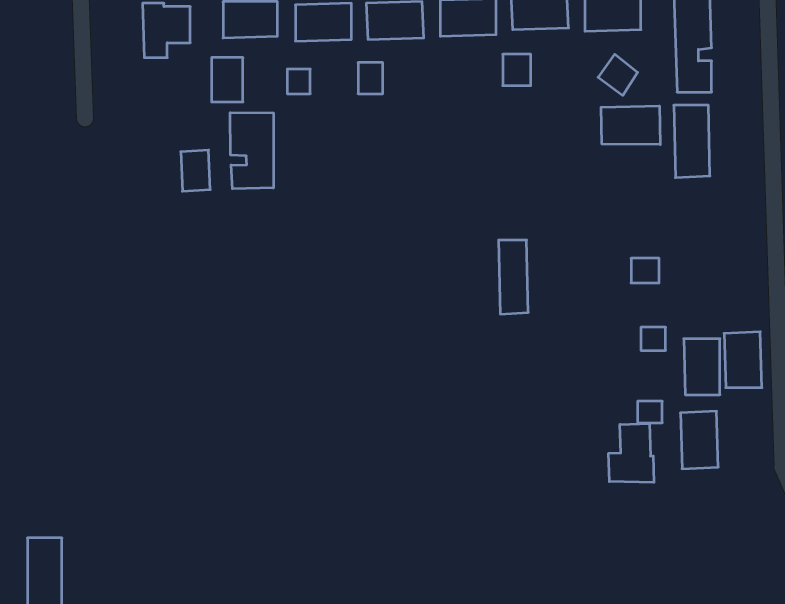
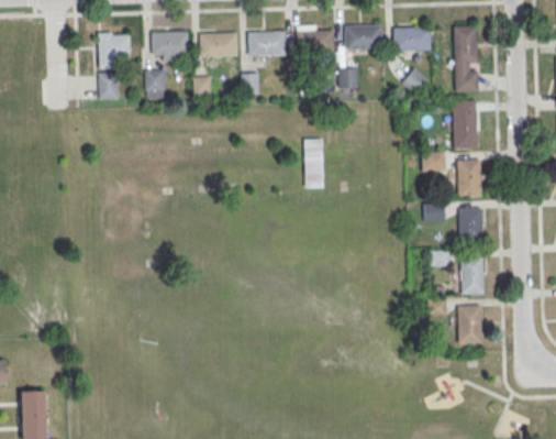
building: [601,106,660,145] -> none
building: [230,113,273,189] -> none
building: [181,150,210,191] -> [99,72,119,99]
building: none -> [456,158,481,196]
building: [499,240,528,314] -> [304,138,324,187]
building: [724,332,762,388] -> [458,208,483,245]
building: [609,424,654,482] -> none

